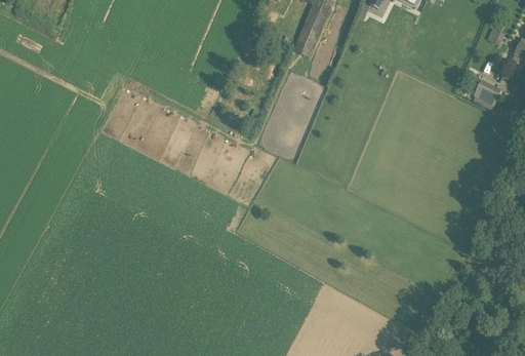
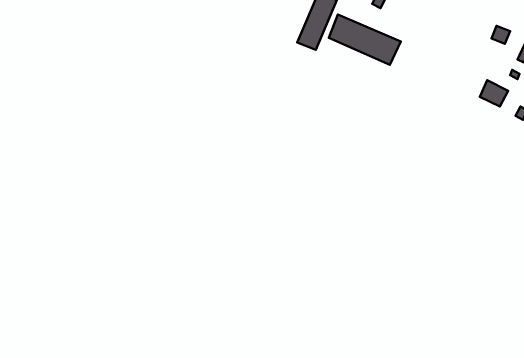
building: none -> [329,14,401,65]

